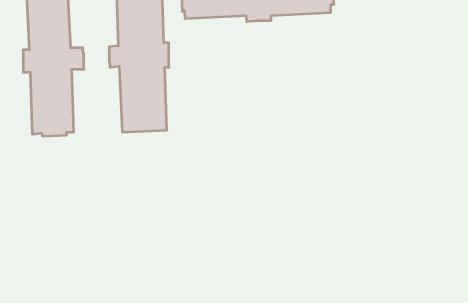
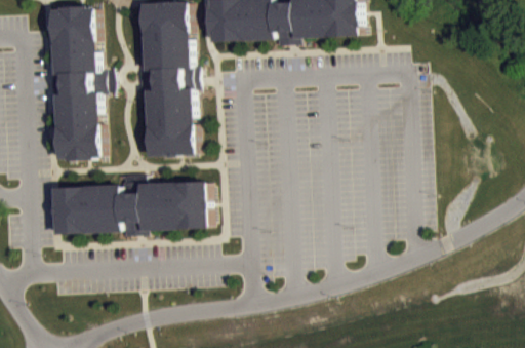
building: none -> [52,175,205,236]

